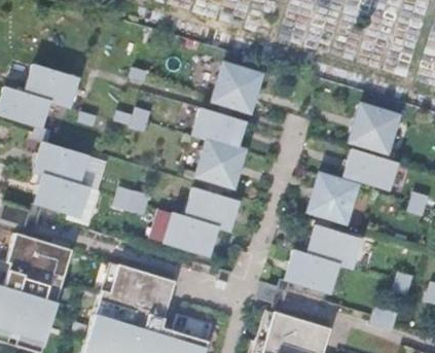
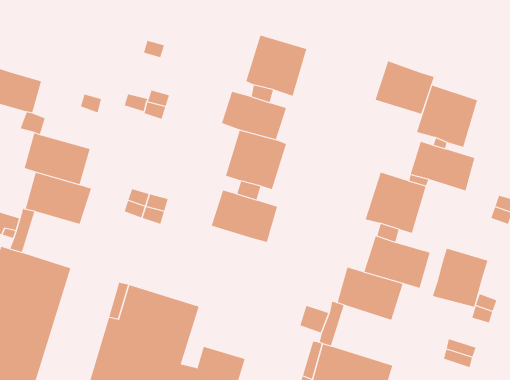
building: [25,64,79,106] -> none
building: none -> [375,61,434,114]
building: [165,212,218,255] -> none
building: none -> [432,248,488,308]

